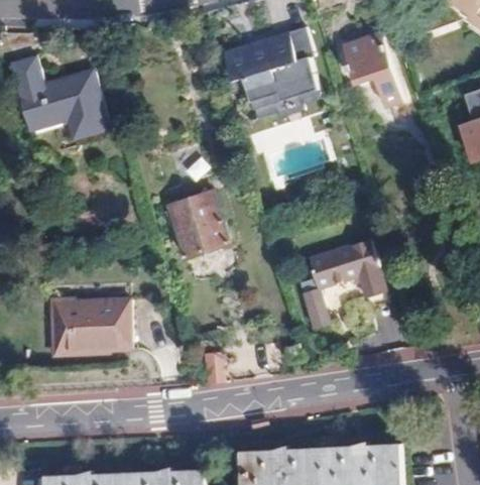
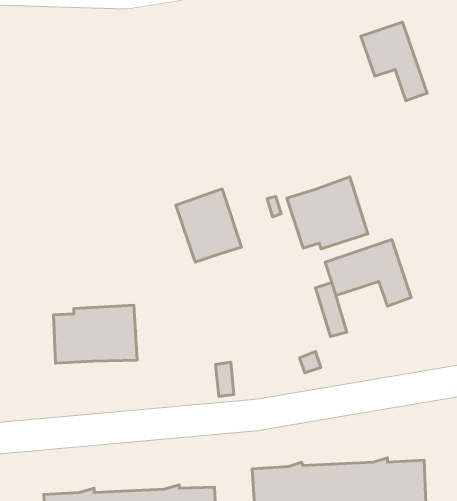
building: [224,27,324,118] -> none
building: [10,54,110,140] -> none
building: none -> [287,177,368,249]

